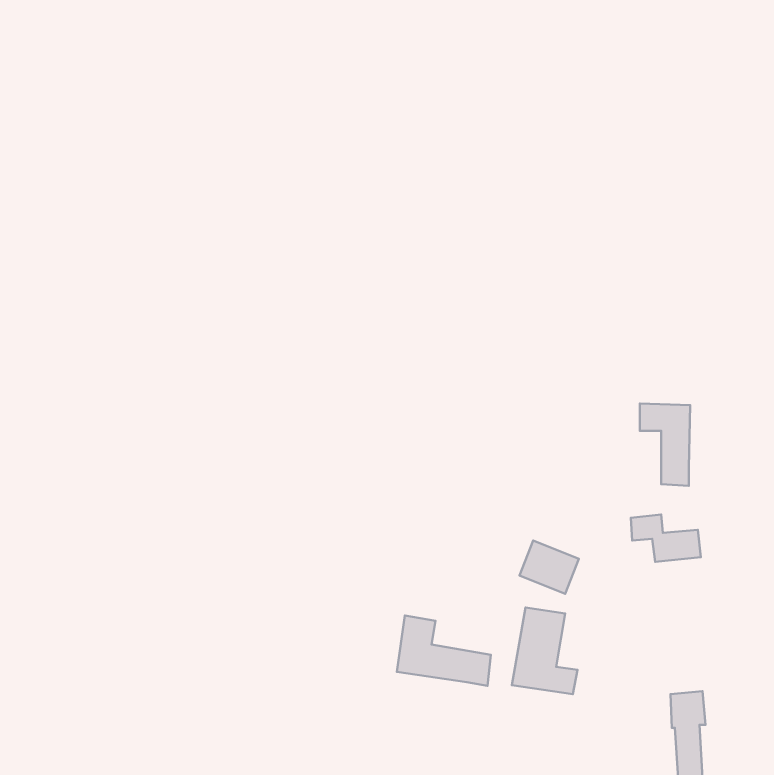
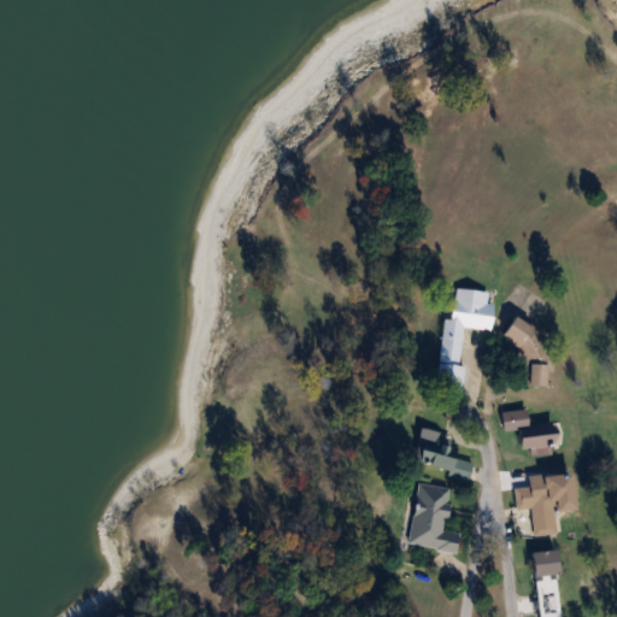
building: none -> [434,288,494,394]
building: none -> [515,476,566,535]
building: [397,615,491,686] -> none

